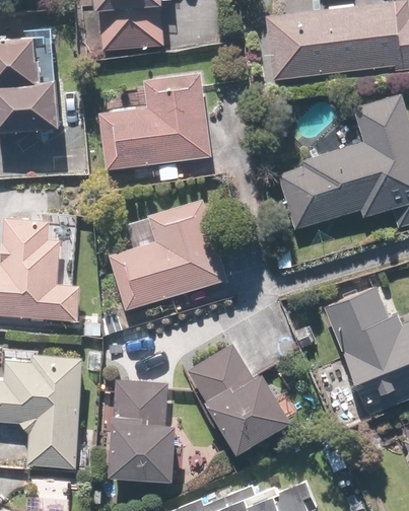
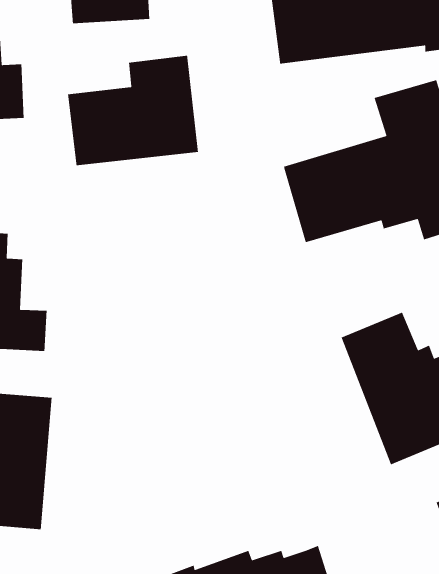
building: [108,200,226,310] -> none
building: [184,344,292,455] -> none
building: [111,380,177,480] -> none

